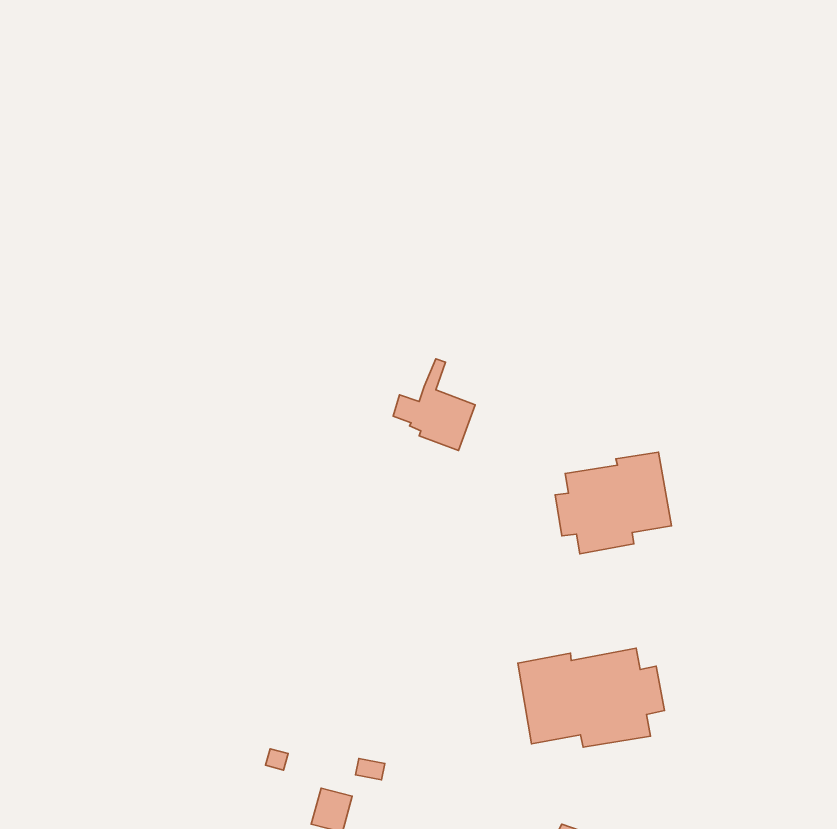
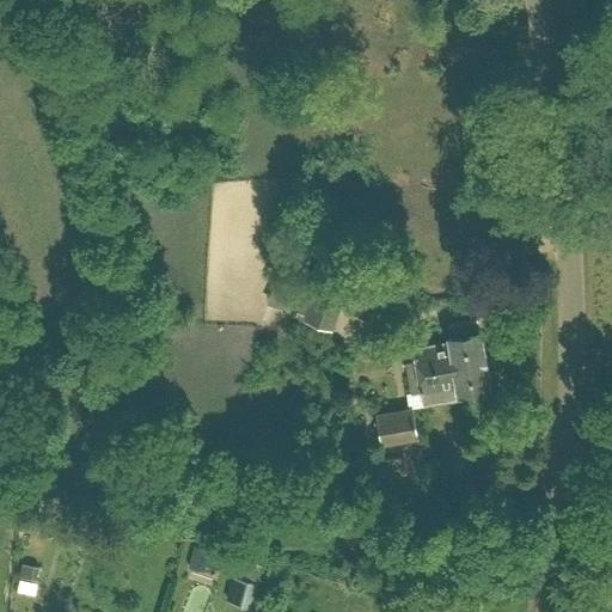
building: none -> [378,414,418,449]
building: [518,648,665,747] -> none

